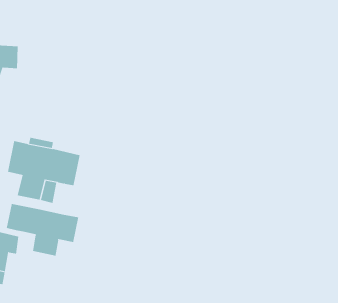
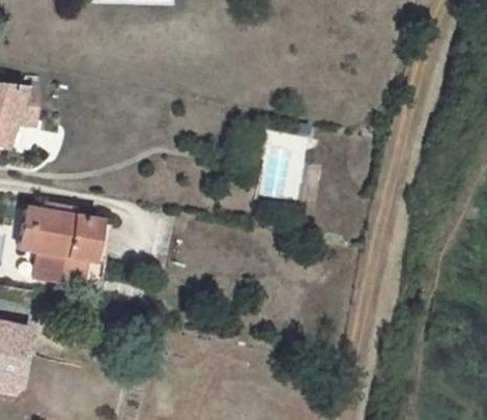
building: [6,203,79,257] -> none

